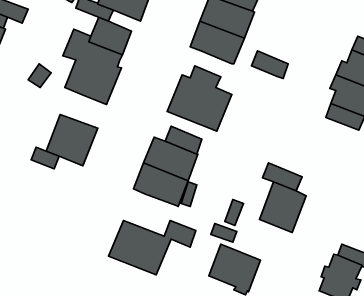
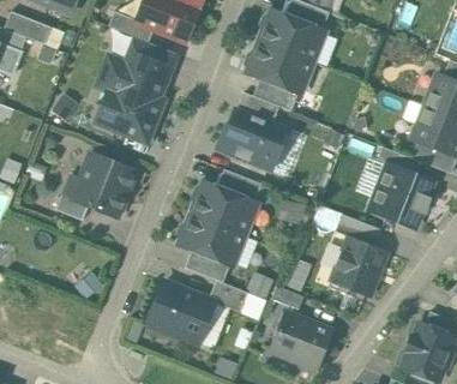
building: [251,51,288,79] -> [252,77,296,110]
building: none -> [369,164,431,226]
building: none -> [184,250,229,282]

